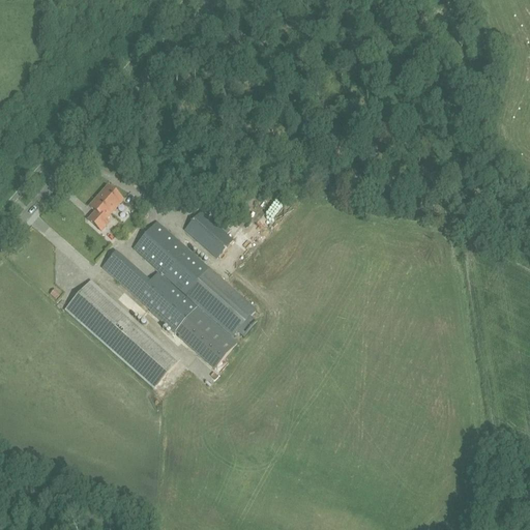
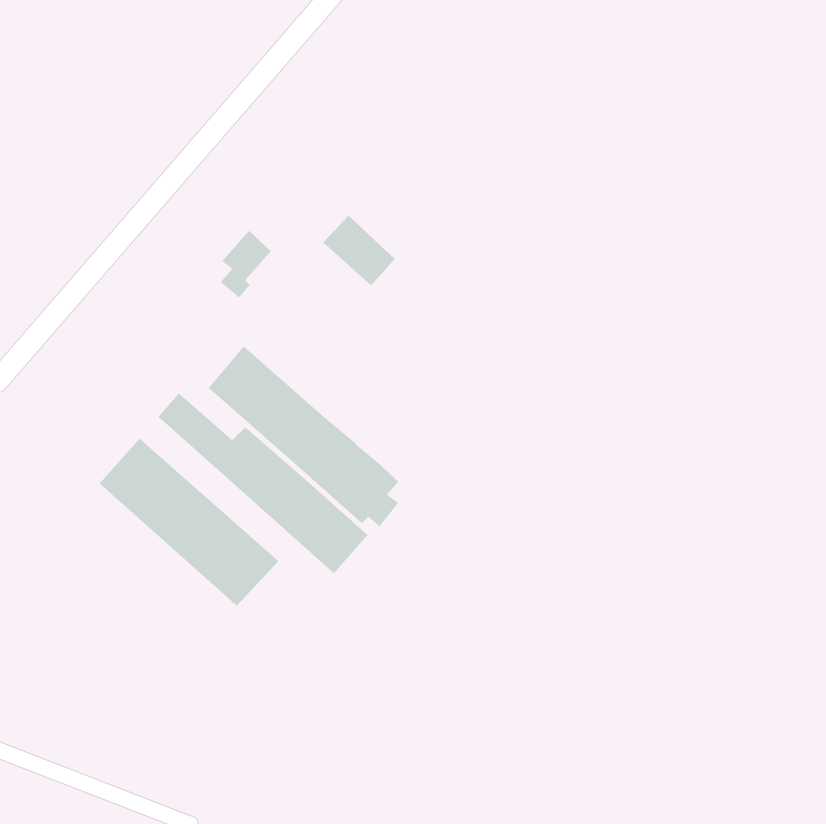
building: [87,185,120,229] -> [220,230,272,298]
building: [184,211,231,257] -> [323,215,396,286]

